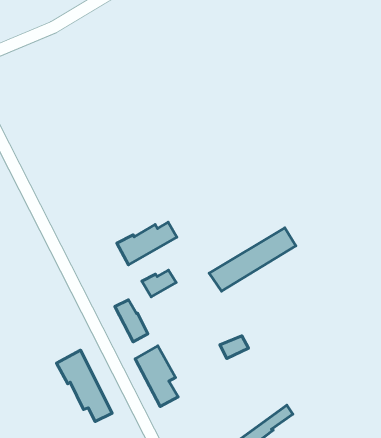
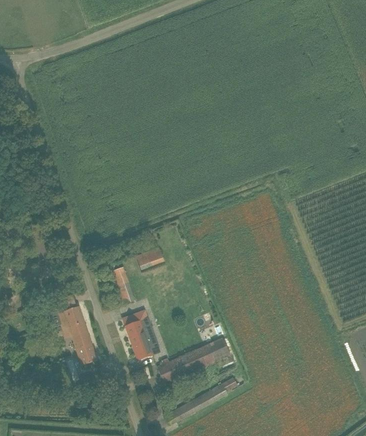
building: [117,222,177,265] -> none
building: [209,228,296,291] -> [155,336,229,381]

